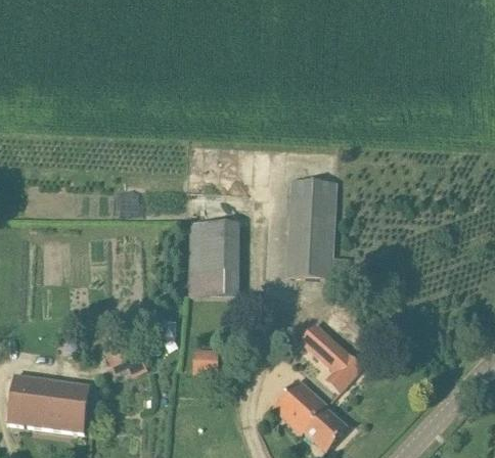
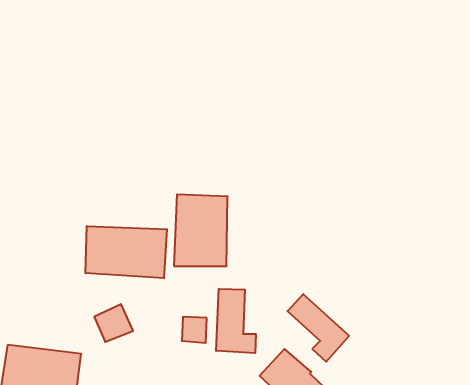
building: [285,179,348,277] -> none
building: none -> [85,226,167,278]
building: none -> [216,289,256,353]

